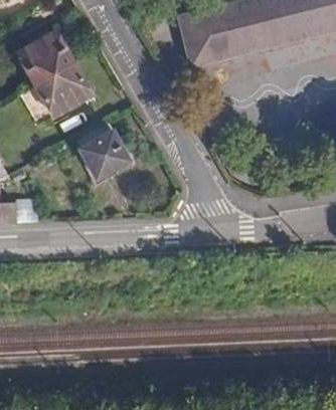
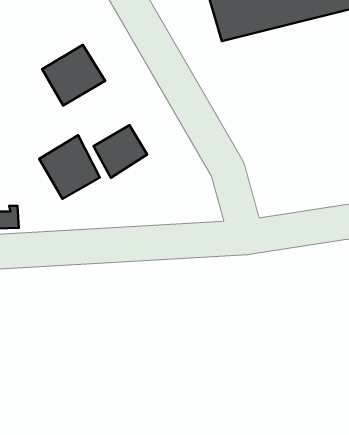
building: [20,36,73,86] -> none
building: none -> [39,135,100,199]

